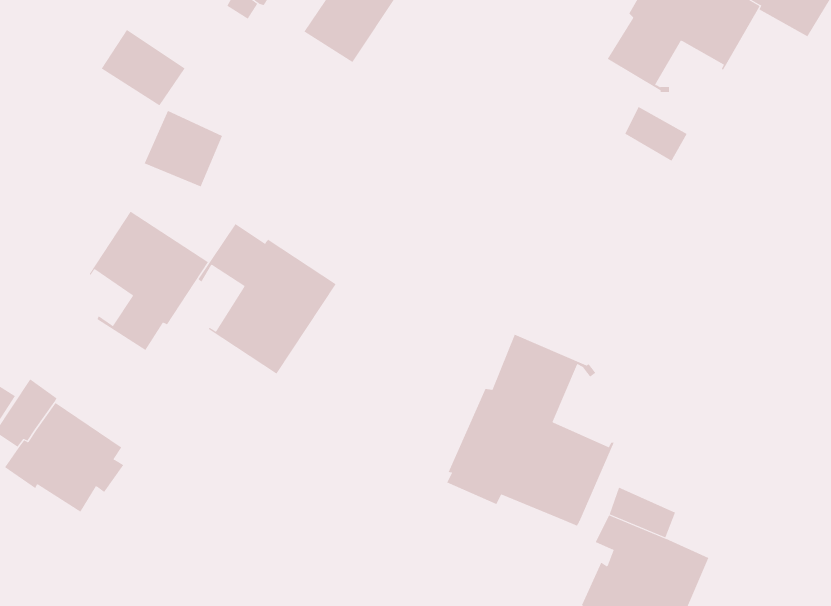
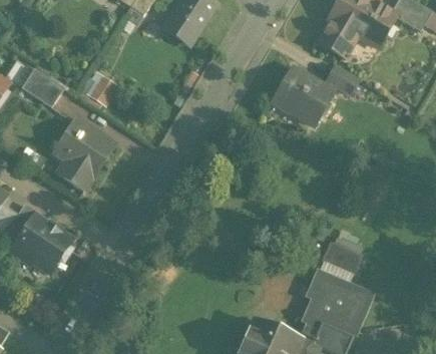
building: [101,29,186,106] -> [21,66,64,105]
building: none -> [272,66,334,124]
building: [198,223,336,375] -> none
building: [446,334,615,527] -> none
building: none -> [324,243,360,271]

